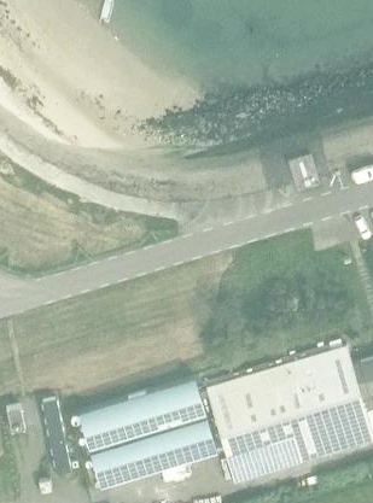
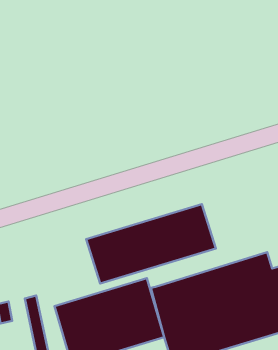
building: none -> [86,204,216,284]

